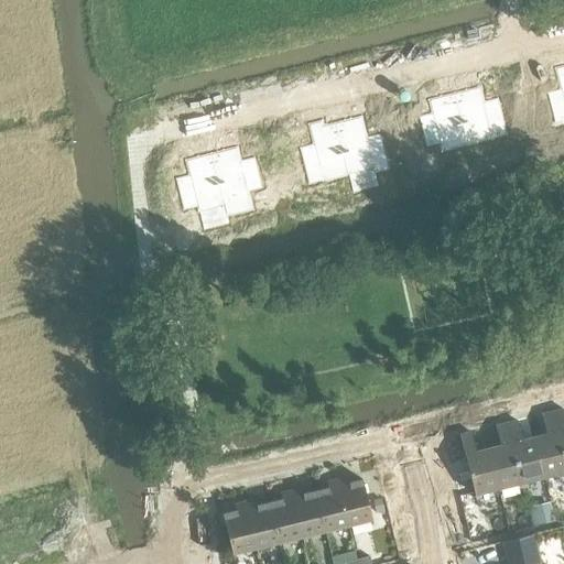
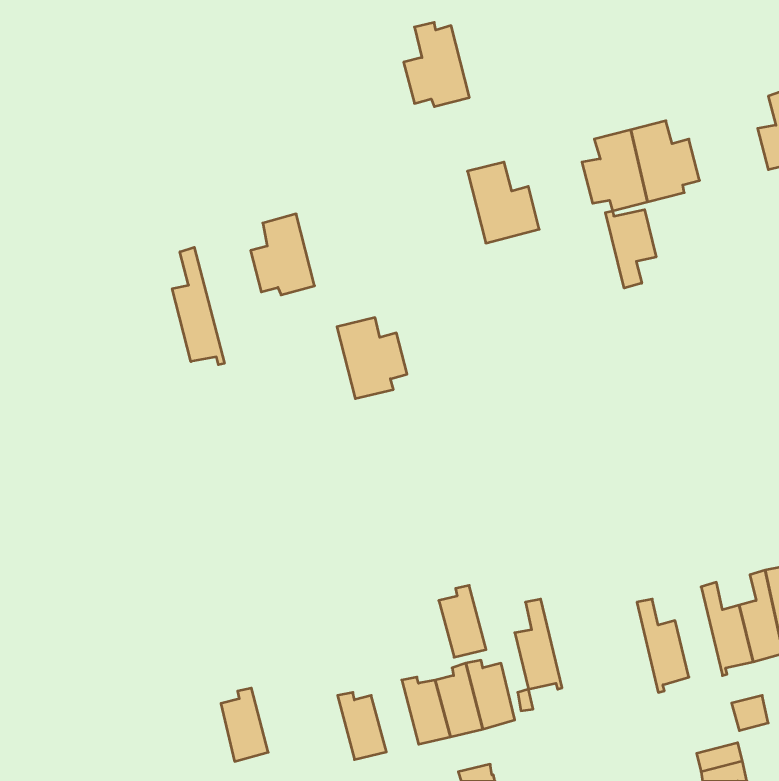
building: [304,121,351,182] -> [404,22,469,107]
building: [215,148,265,206] -> [337,318,407,399]
building: none -> [605,210,656,288]
building: none -> [172,247,224,365]
building: [488,423,522,488] -> [515,599,562,689]
building: [269,490,303,542] -> [439,585,486,657]
building: [223,501,257,554] -> [221,688,268,761]

